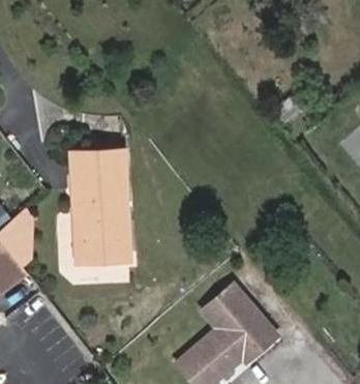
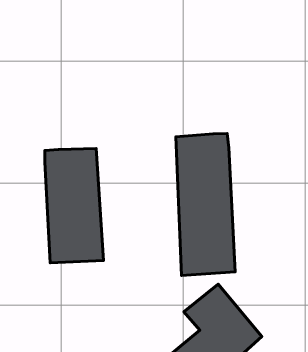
building: none -> [176,133,235,276]

